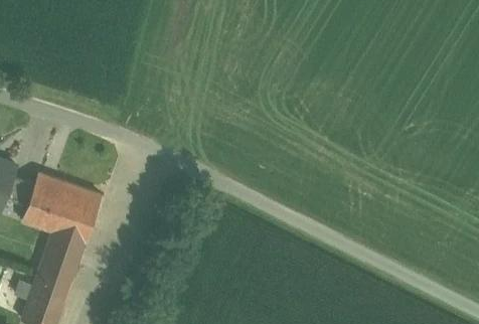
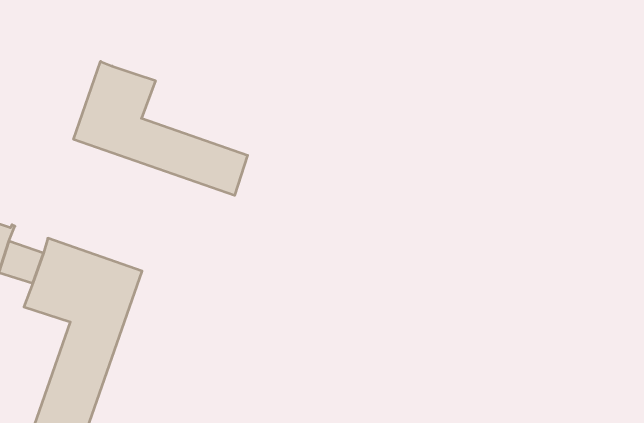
building: none -> [74,61,248,195]

